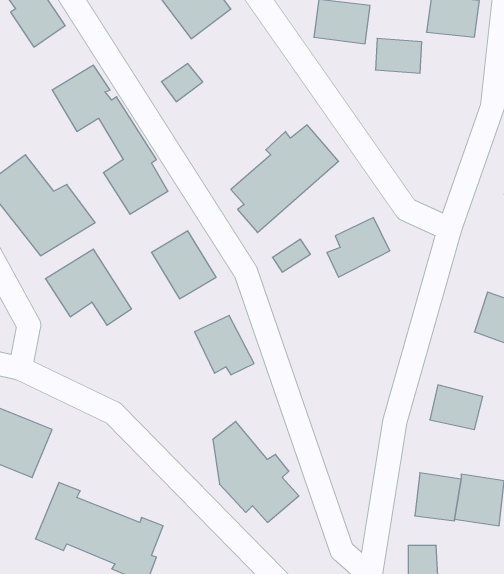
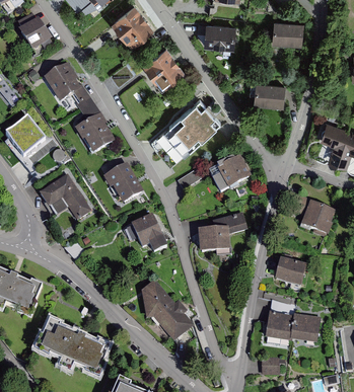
building: none -> [142,45,184,85]
building: [375,38,422,73] -> [256,82,284,103]
building: none -> [199,210,249,249]

